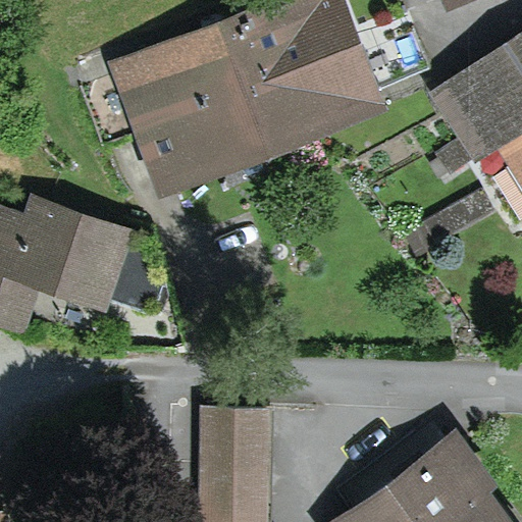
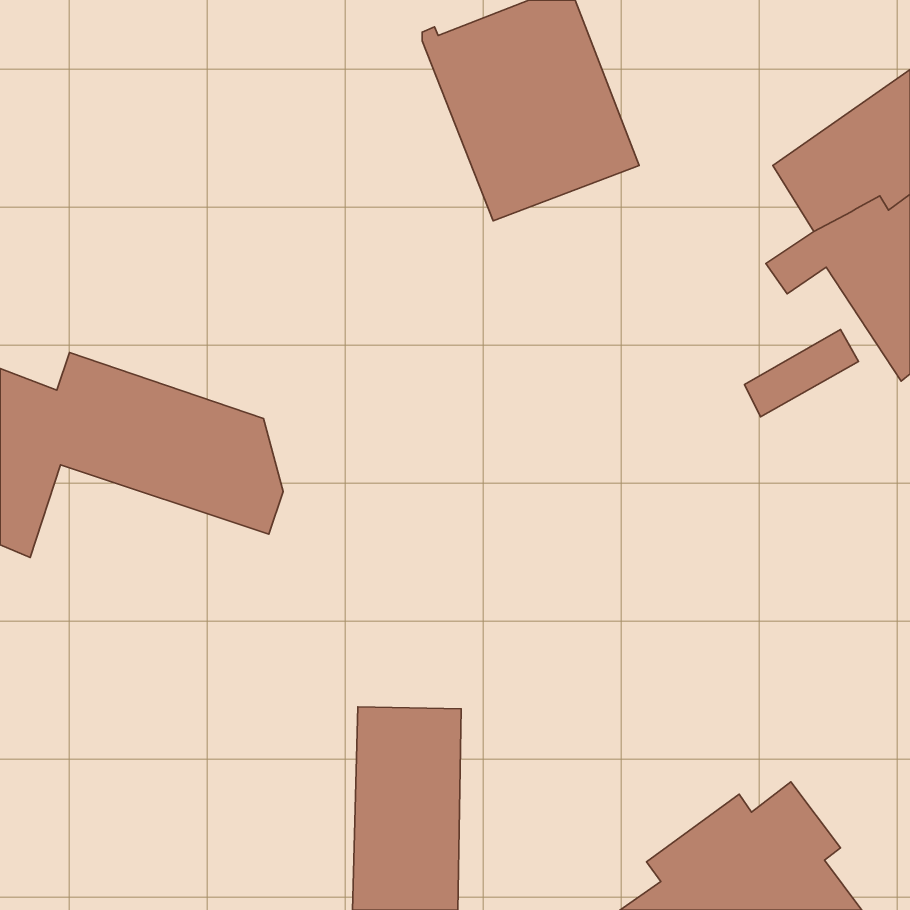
building: [84,23,282,170] -> none

